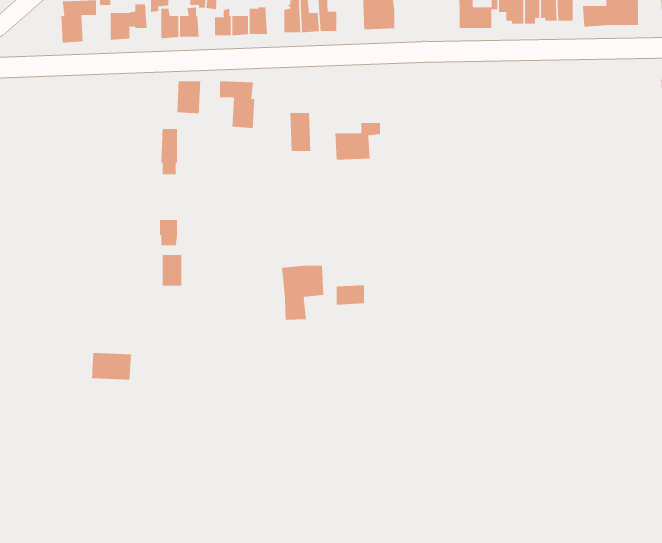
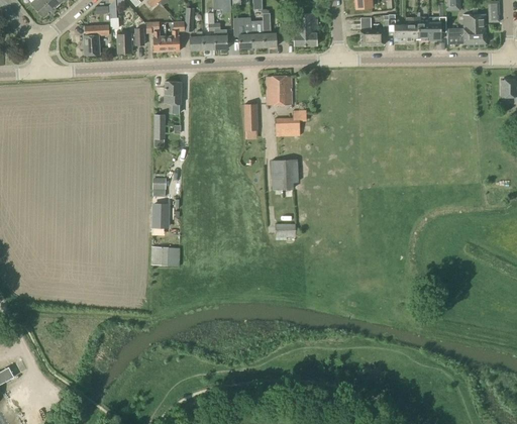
building: none -> [266,76,292,105]
building: [219,81,255,129] -> none
building: none -> [270,158,298,189]
building: [282,265,324,321] -> none
building: [91,353,132,380] -> [150,246,179,266]

